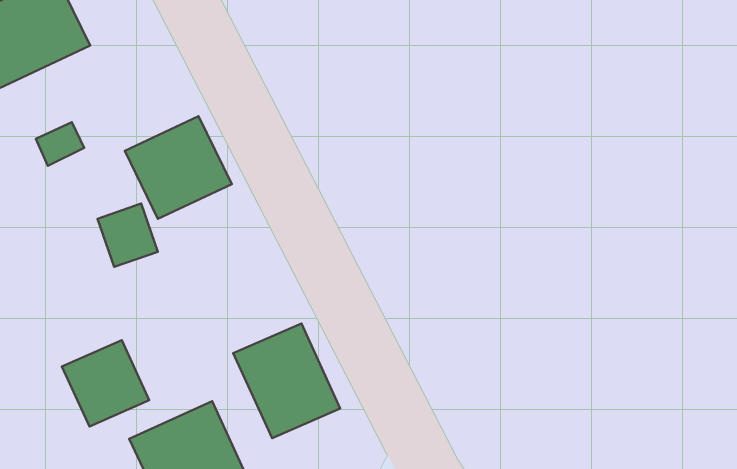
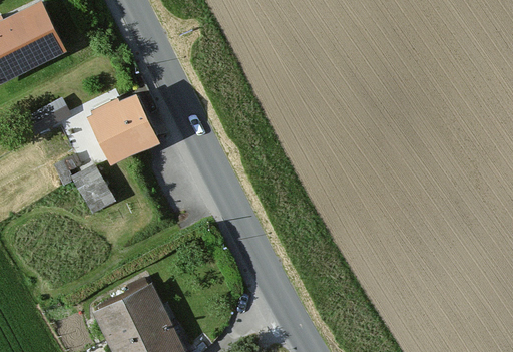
building: [233,324,340,438] -> none
building: [62,340,149,426] -> none

